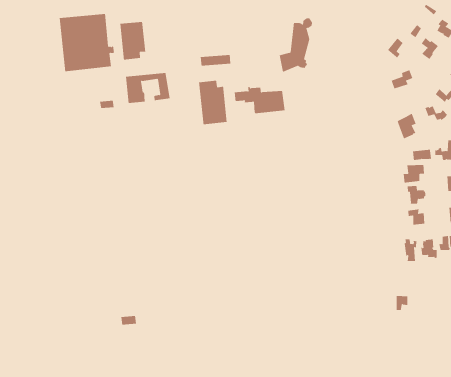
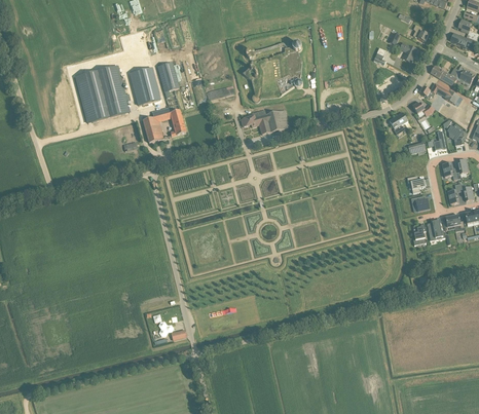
building: none -> [156,62,178,92]
building: [198,80,227,125] -> none

